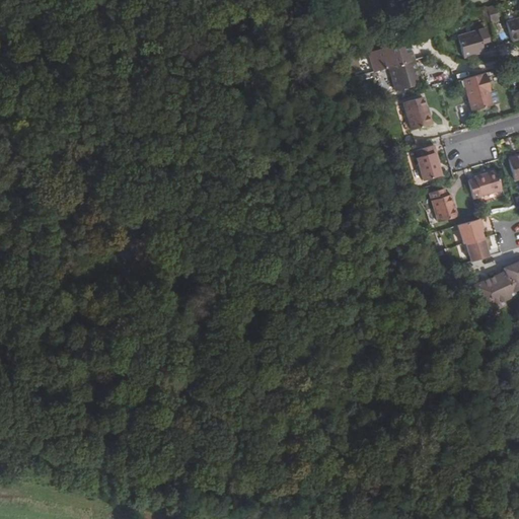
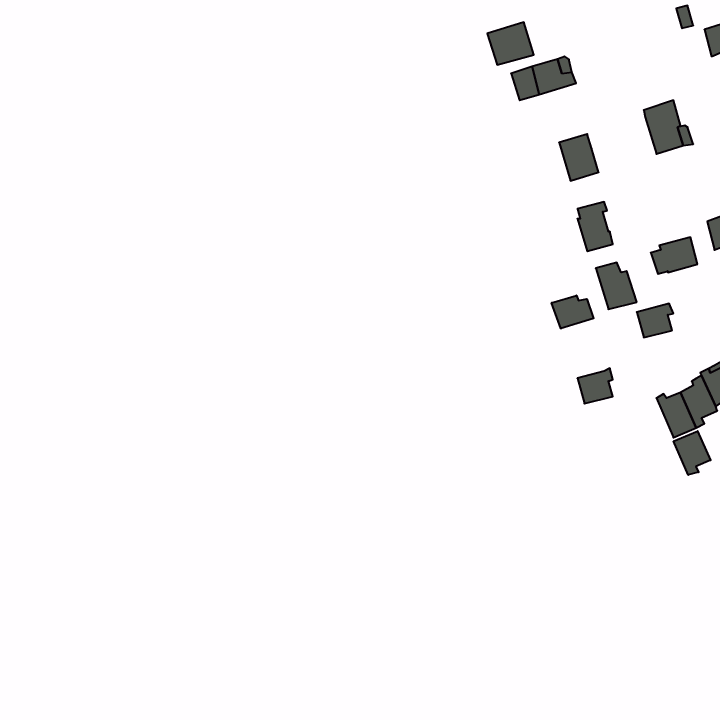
building: [458,28,489,57] -> none
building: [388,60,422,90] -> [487,22,534,65]
building: none -> [552,295,594,329]
building: [464,235,490,261] -> [577,368,613,404]
building: none -> [674,431,711,475]

